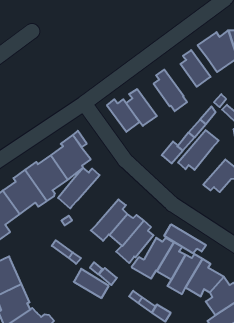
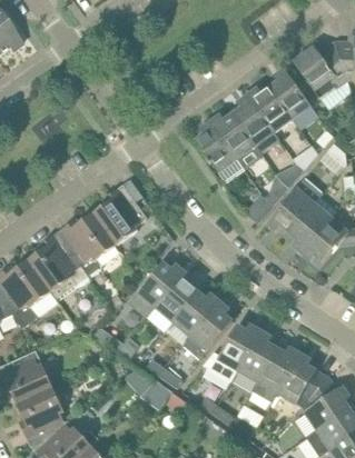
building: none -> [247,88,292,132]
building: [107,99,139,132] -> [210,114,255,159]
building: none -> [288,202,331,252]
building: [58,168,100,208] -> [128,262,185,318]
building: [164,224,206,253] -> none

